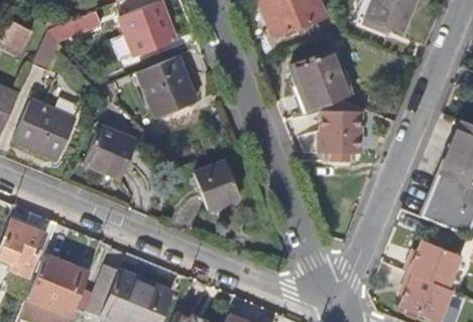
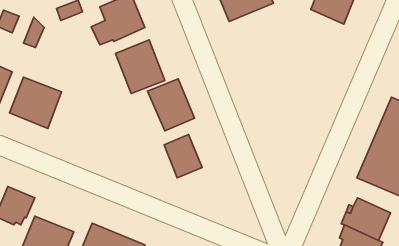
building: [286,46,351,108] -> none
building: none -> [148,79,195,131]
building: [320,114,356,160] -> none
building: [86,125,139,178] -> none

